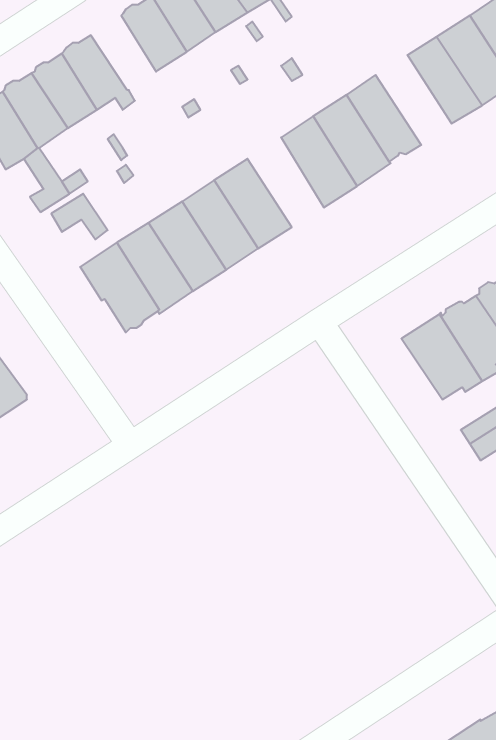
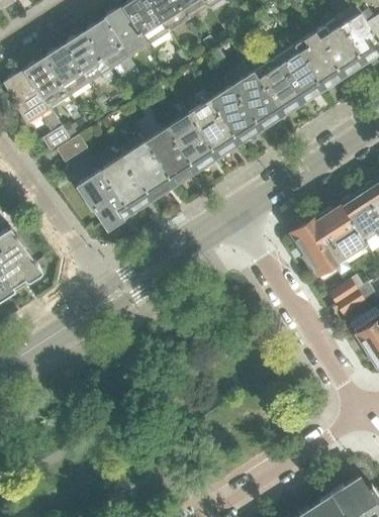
building: none -> [85,18,136,71]
building: none -> [274,44,324,104]
building: none -> [189,90,240,159]

